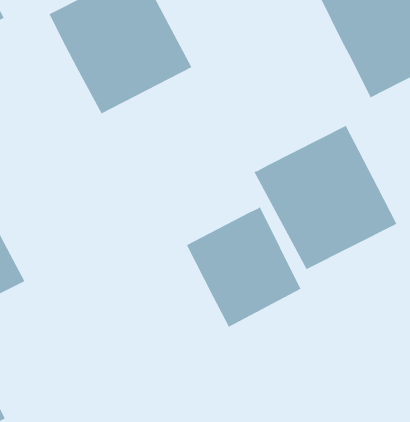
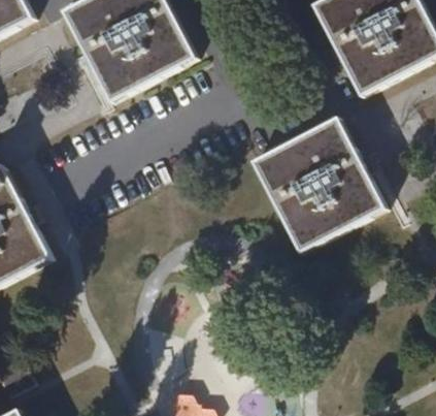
building: [186,206,301,328] -> none

